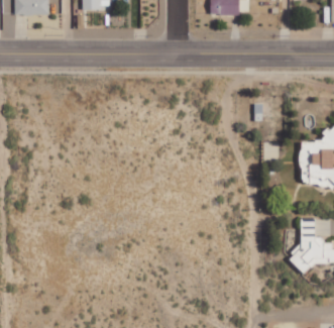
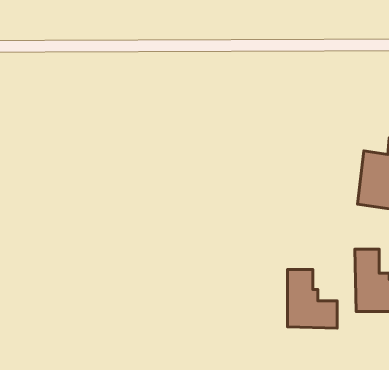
building: none -> [287,269,337,328]

